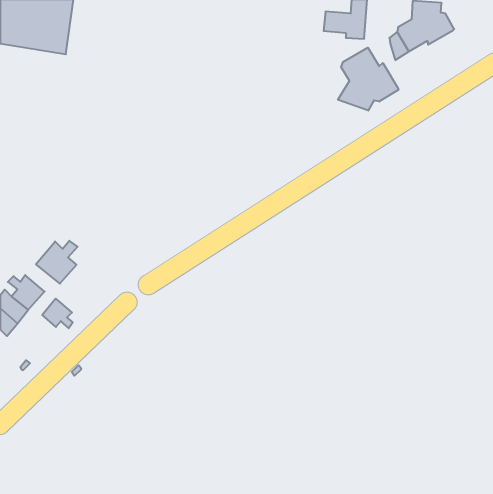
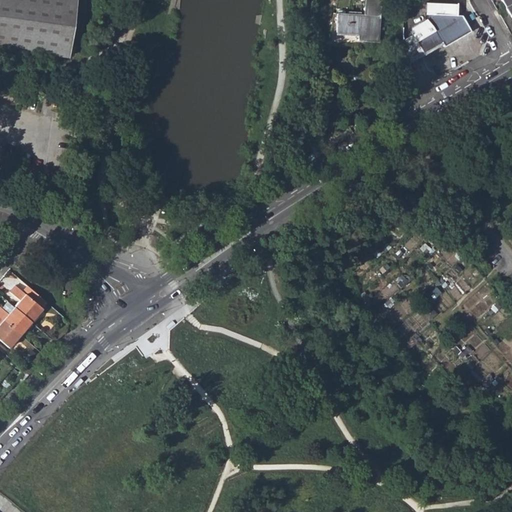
building: [338,48,398,111] -> none
building: [36,241,78,284] -> none
building: [42,299,73,328] -> none

